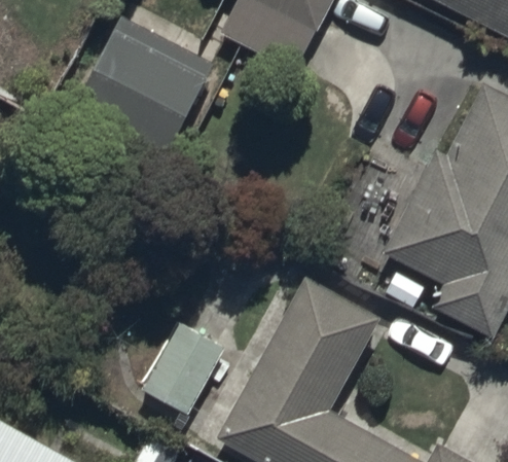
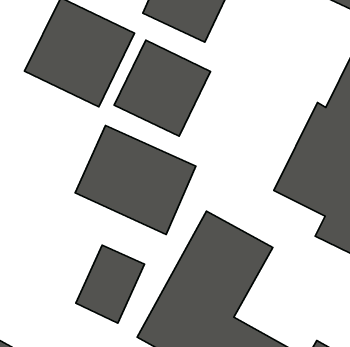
building: none -> [114,40,210,136]
building: none -> [75,125,196,234]

